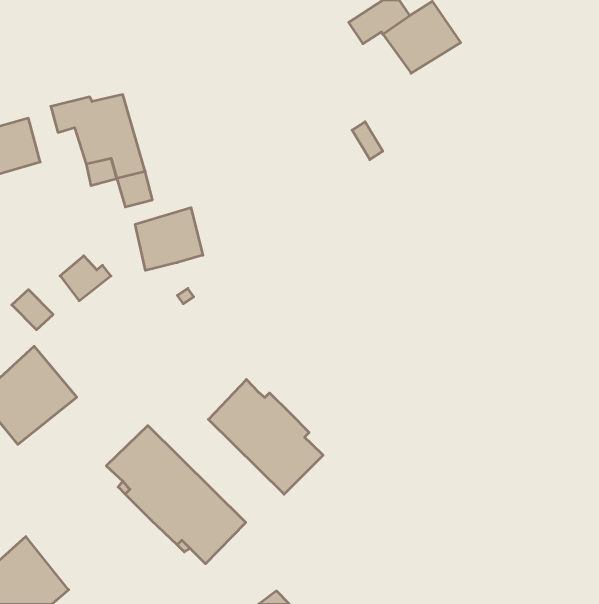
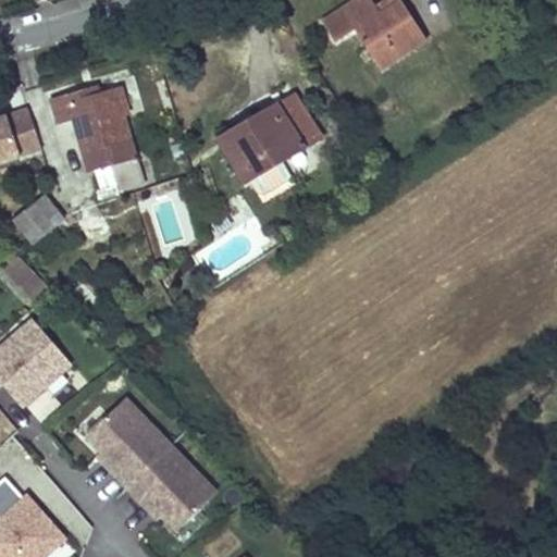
building: none -> [222,96,315,181]
building: [135,208,203,270] -> none
building: [60,256,111,301] -> [11,201,58,243]
building: [208,379,323,494] -> none

